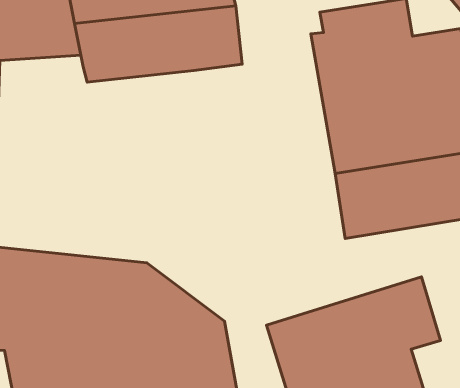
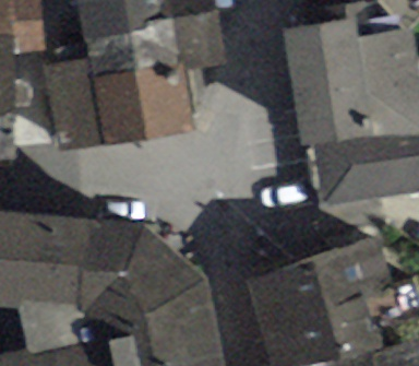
building: none -> [43,58,190,149]

